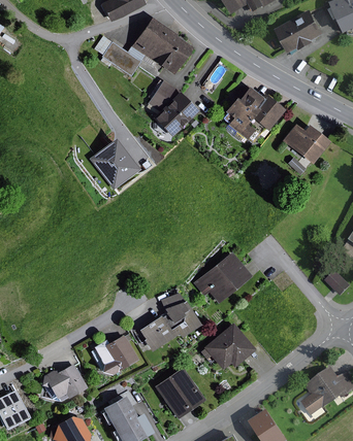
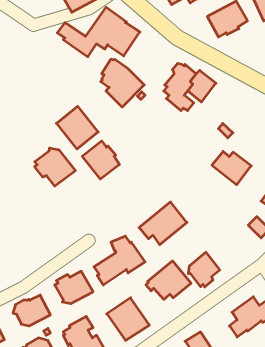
building: [282,125,329,165] -> [212,151,251,185]
building: none -> [82,141,119,179]
building: none -> [35,148,75,186]
building: none -> [188,252,220,287]

